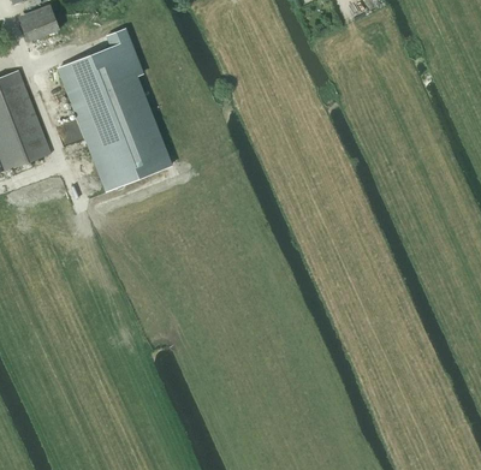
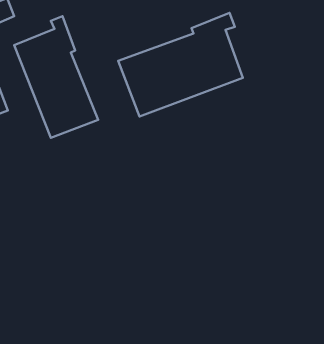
building: none -> [118,13,243,117]

